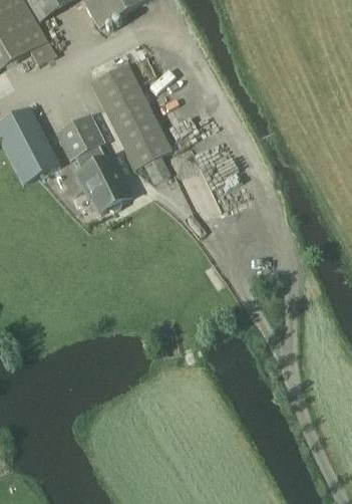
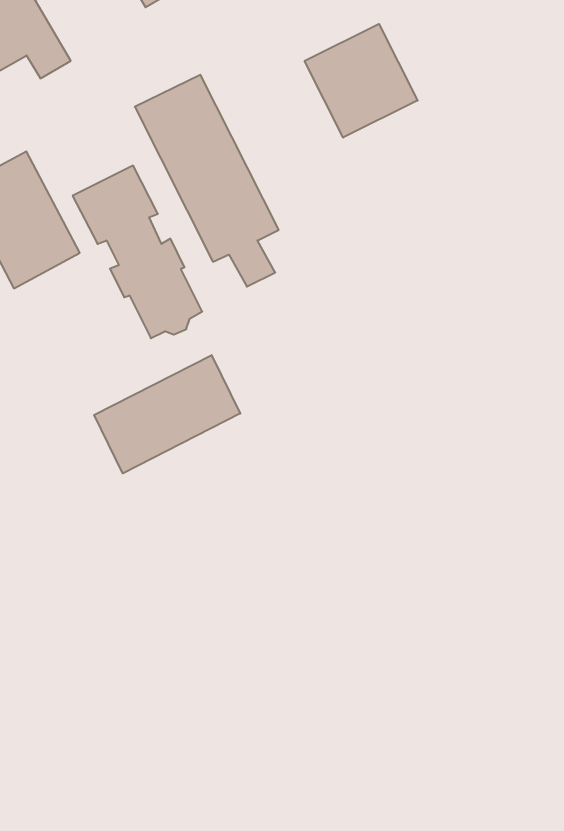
building: none -> [305,24,418,138]
building: none -> [94,355,240,473]

